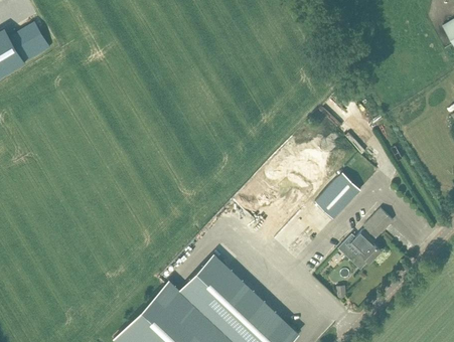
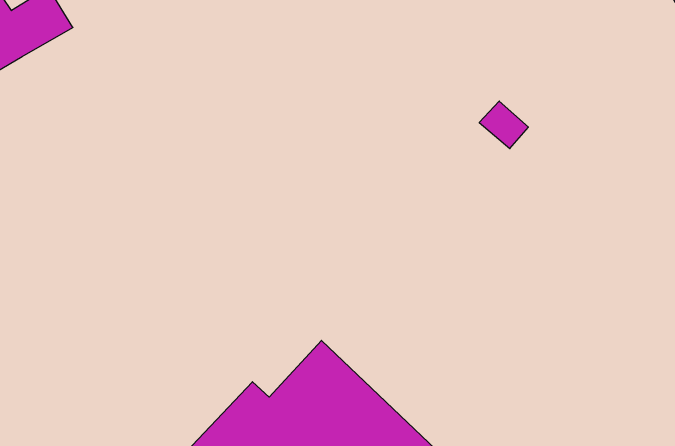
building: [314,173,359,219] -> none
building: [337,209,391,270] -> none

